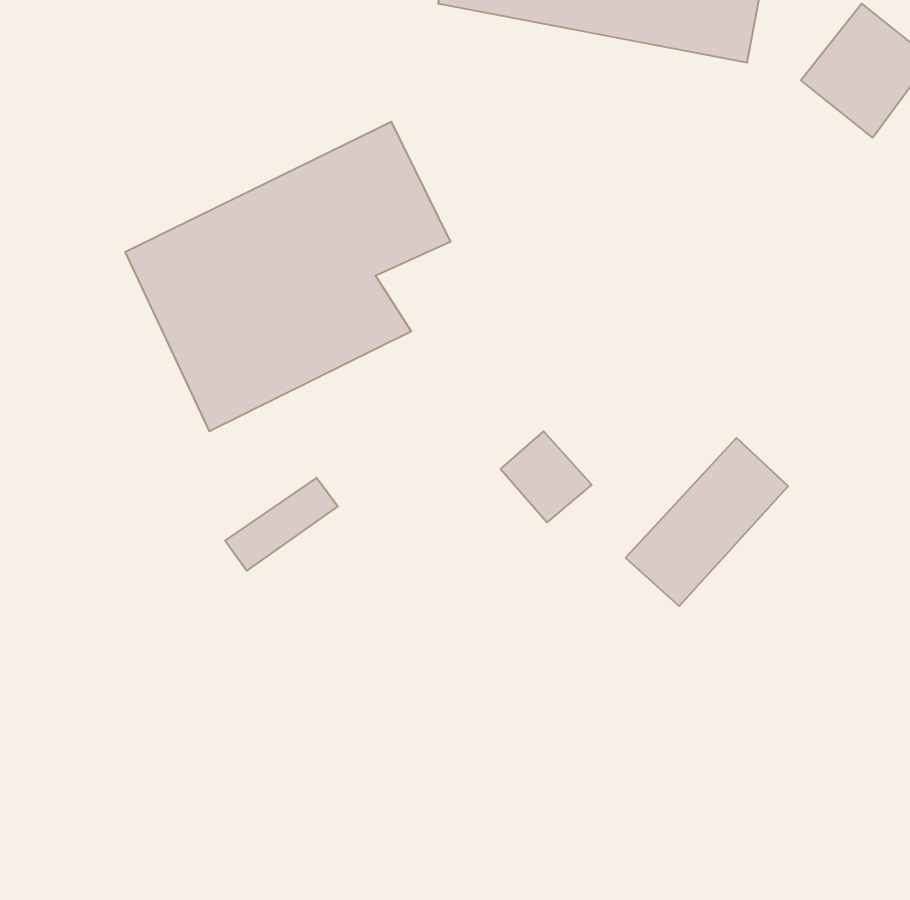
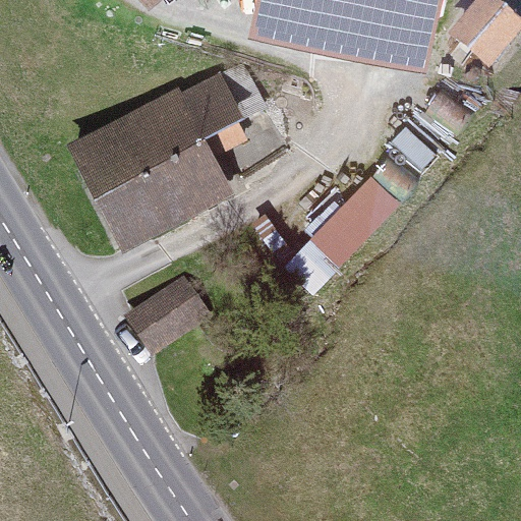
building: [626,438,788,606] -> [308,171,401,267]

